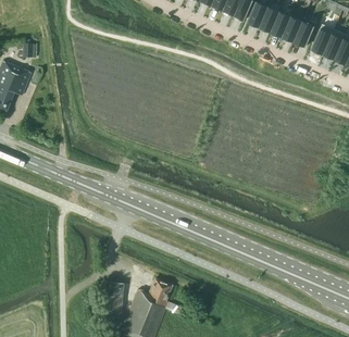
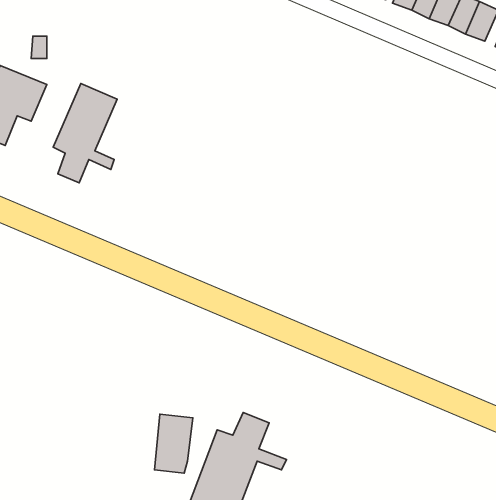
building: none -> [53,83,117,183]

